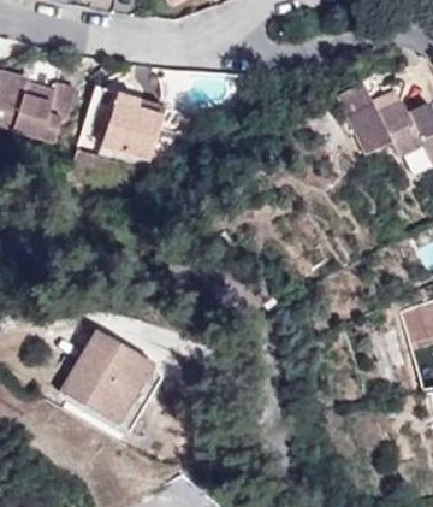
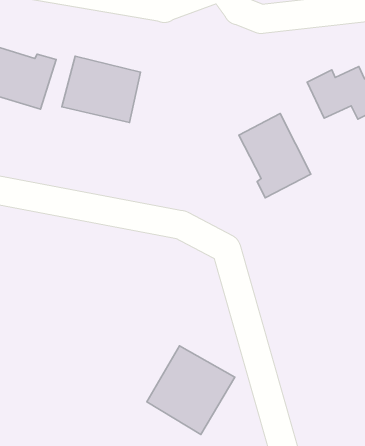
building: none -> [239,113,311,198]
building: [61,330,155,425] -> [147,346,235,435]

